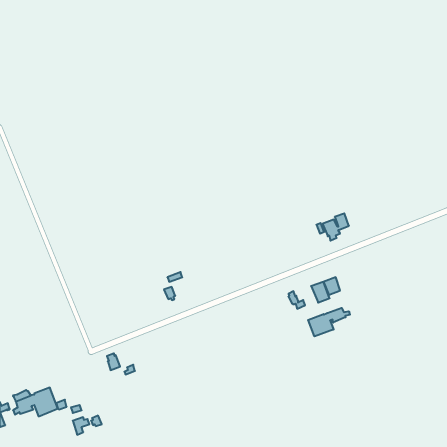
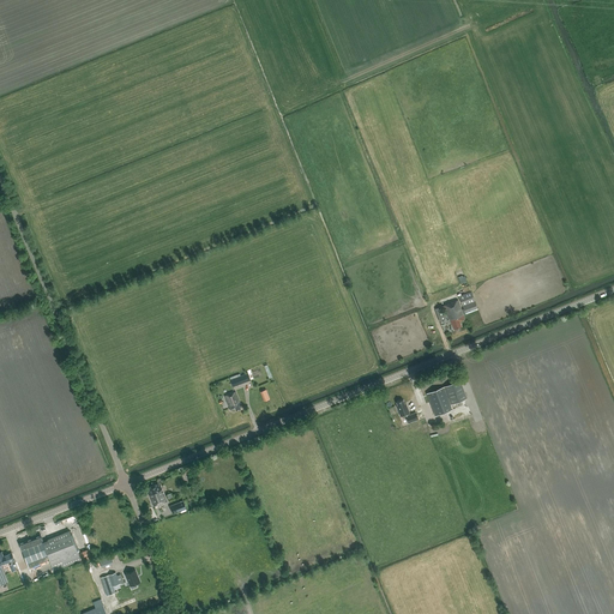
building: [308,308,350,336] -> none

